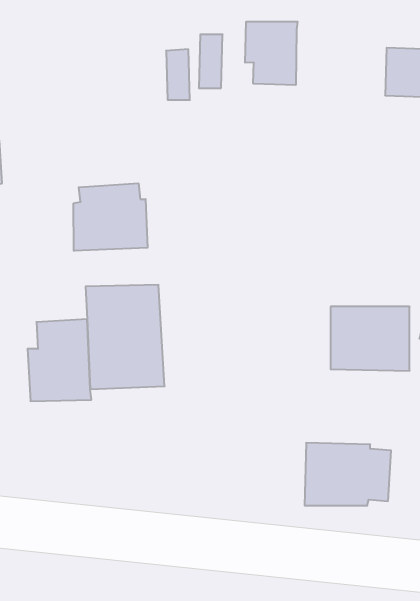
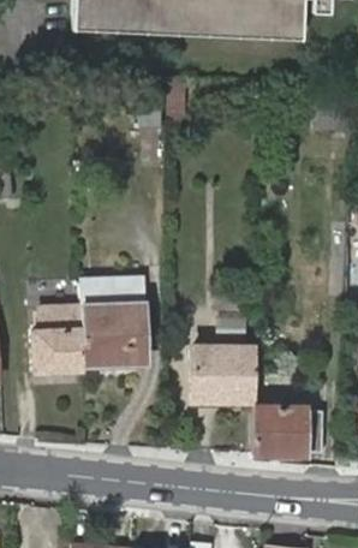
building: [245,22,298,85] -> none
building: [74,183,148,251] -> none
building: [331,307,410,371] -> [192,346,256,398]

